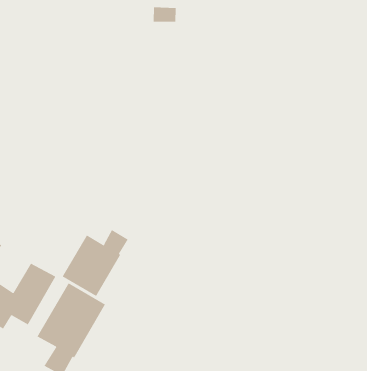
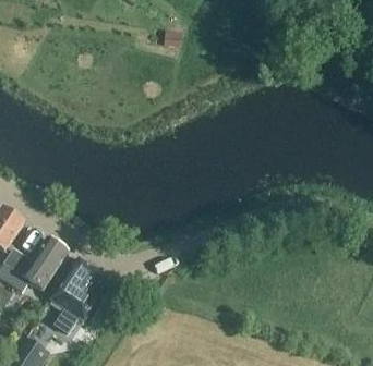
building: [62,229,129,297] -> none

